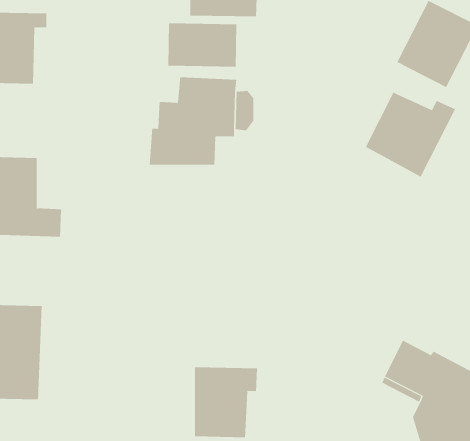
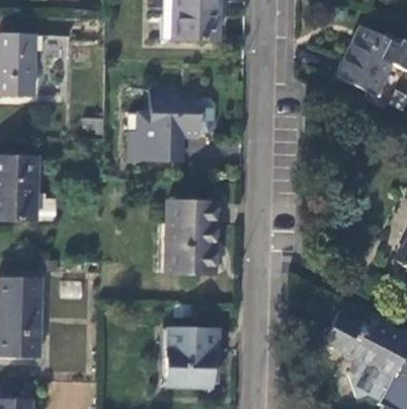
building: [168,23,237,67] -> none
building: [365,92,456,177] -> none
building: none -> [154,199,218,276]

